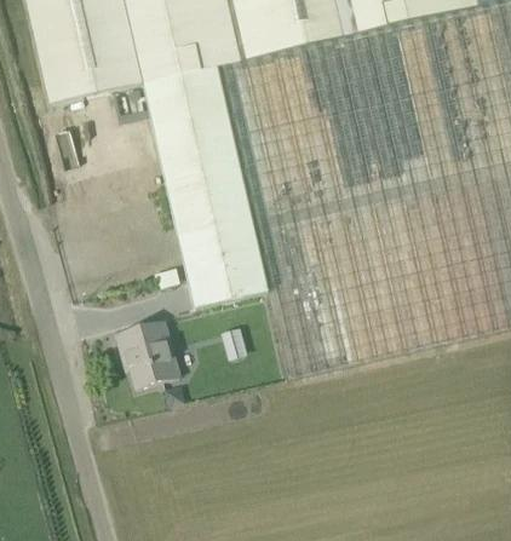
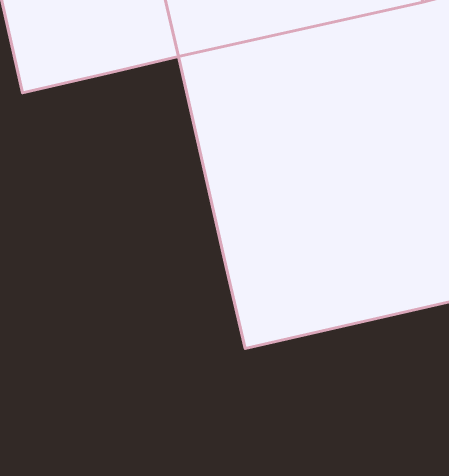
building: [144,64,268,306] -> none
building: [116,318,179,386] -> none

